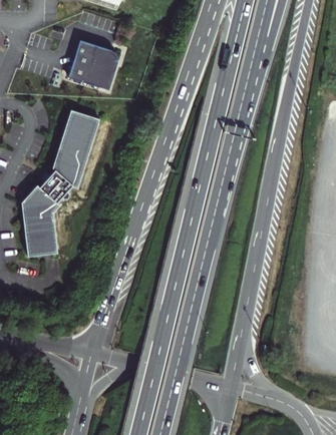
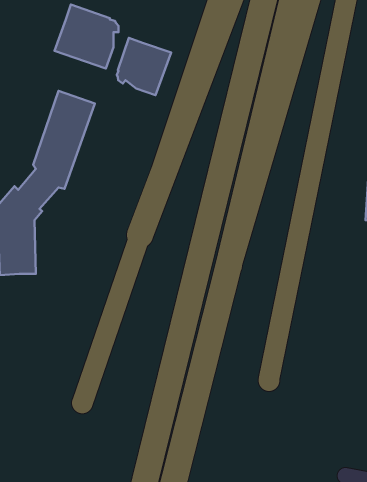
building: none -> [117,38,171,95]

